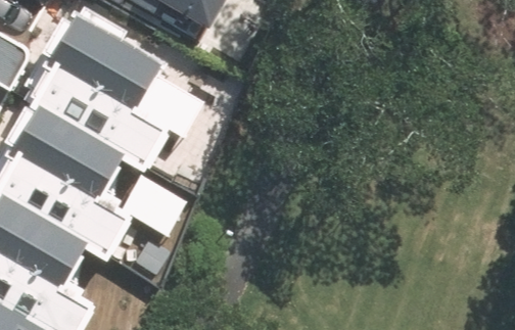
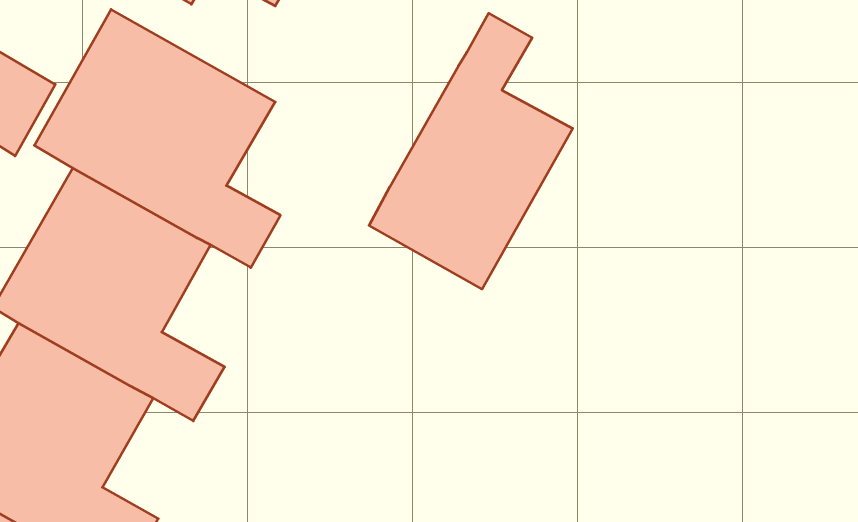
building: none -> [369,13,573,289]

